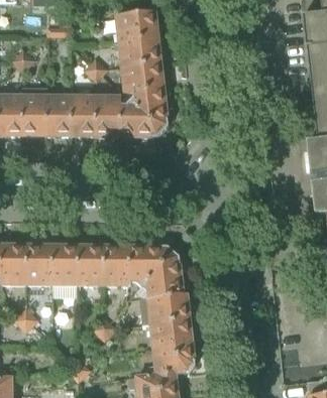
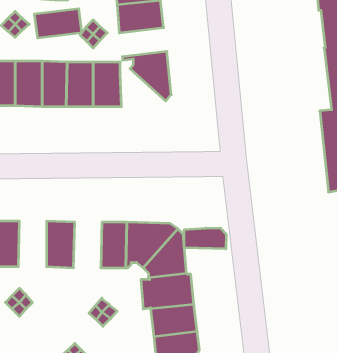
building: [119,61,164,89] -> [34,9,82,38]
building: [120,100,162,135] -> none
building: [25,242,51,284] -> none
building: [77,243,103,291] -> none
building: none -> [184,228,226,249]

